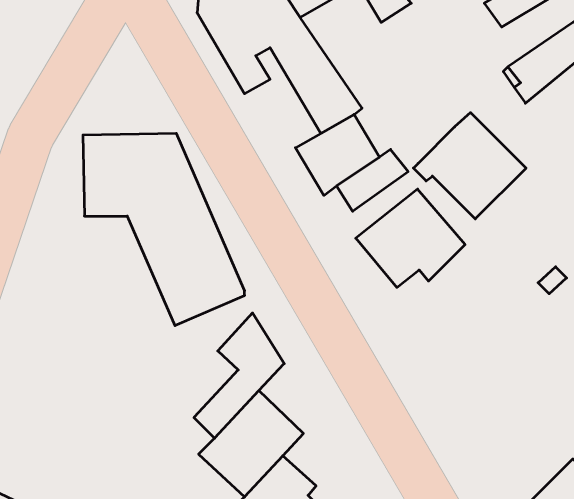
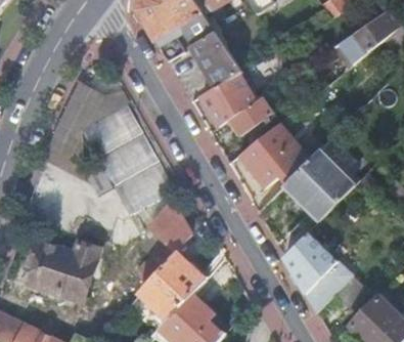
building: [413,113,526,219] -> [282,149,355,218]
building: none -> [283,232,352,312]
building: none -> [29,241,98,301]

